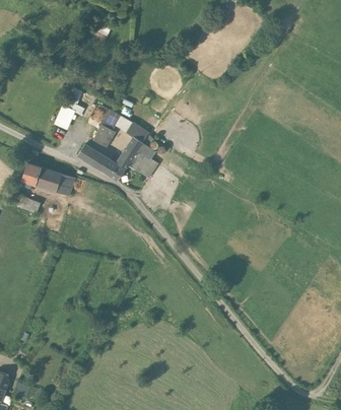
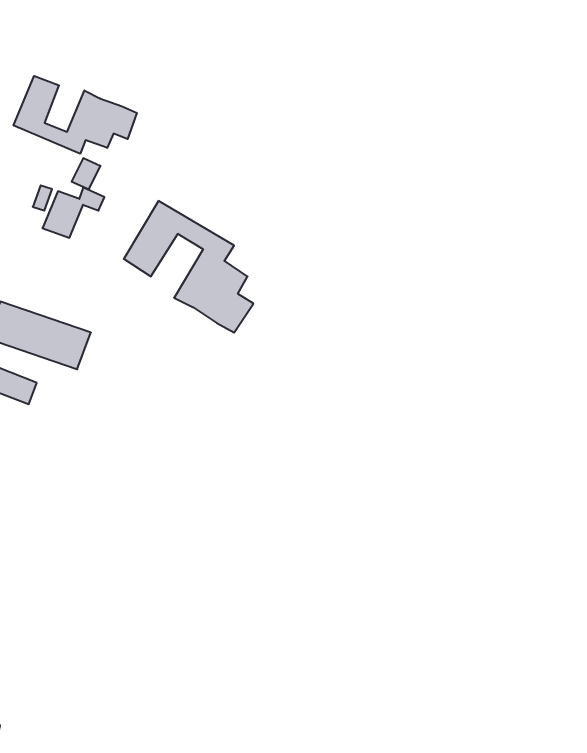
building: none -> [14,76,137,154]
building: [78,140,129,181] -> none

